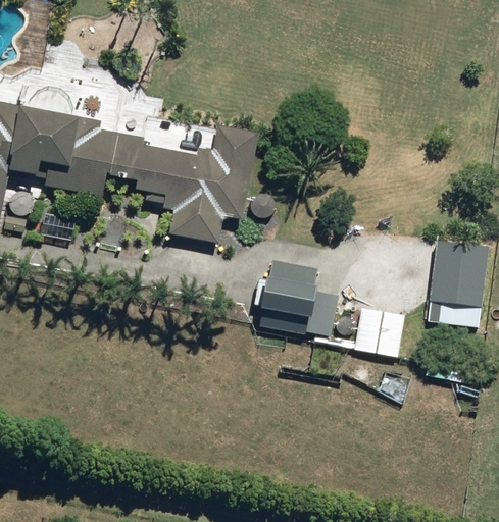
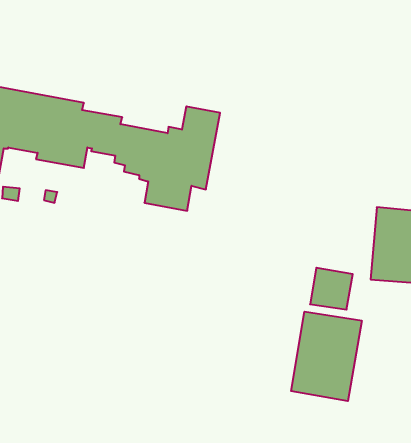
building: [257,261,339,336] -> none
building: none -> [291,312,362,401]

